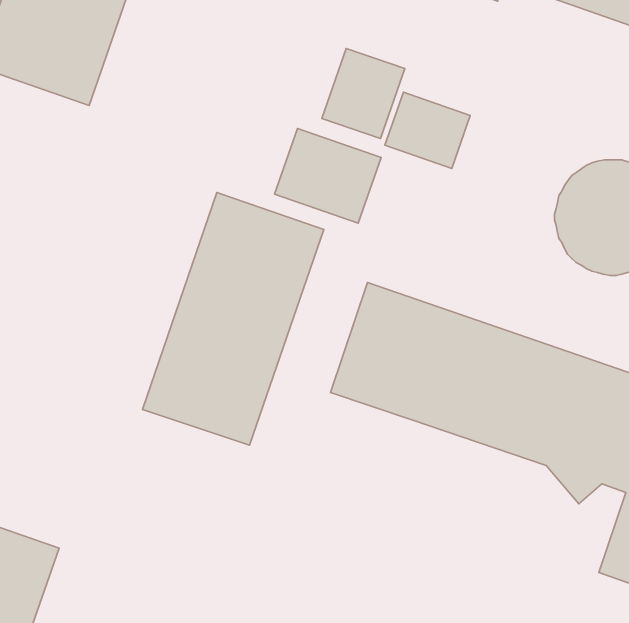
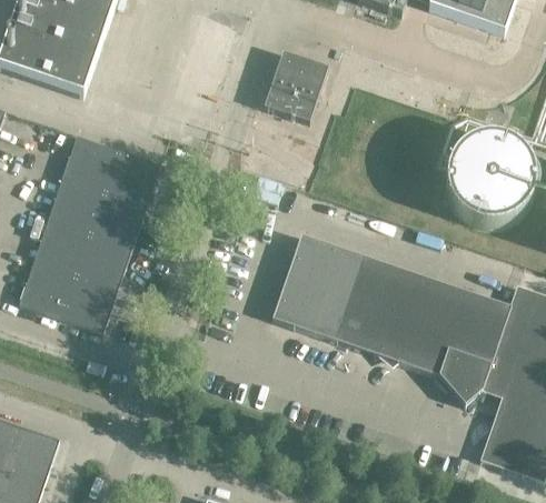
building: [385,92,470,169] -> none
building: [274,128,381,223] -> none
building: [142,193,324,445] -> [19,134,160,331]

